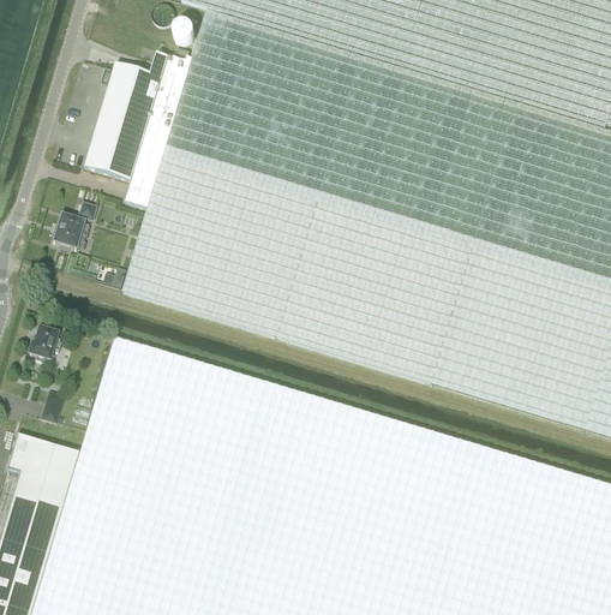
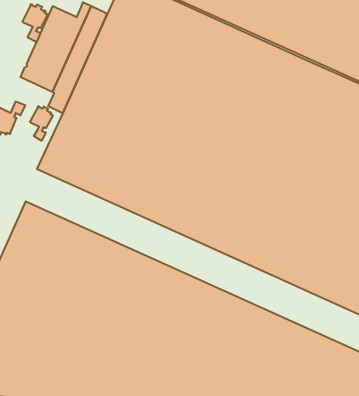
building: none -> [22,4,48,42]
building: none -> [30,106,53,141]

